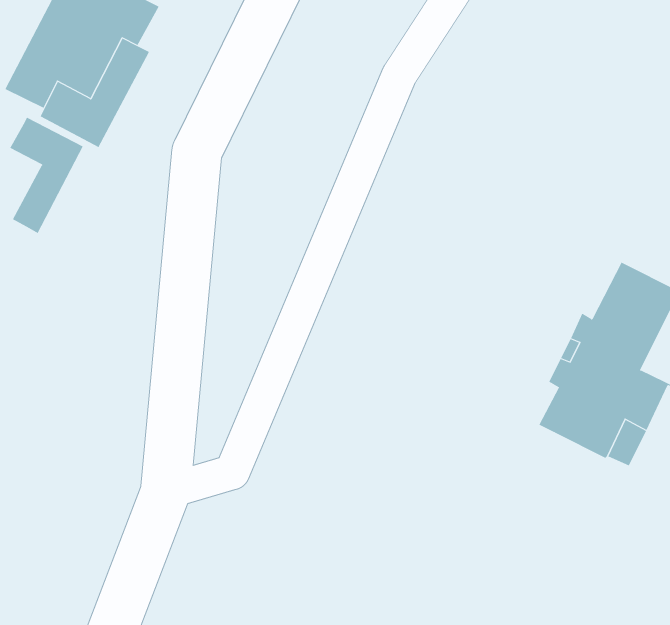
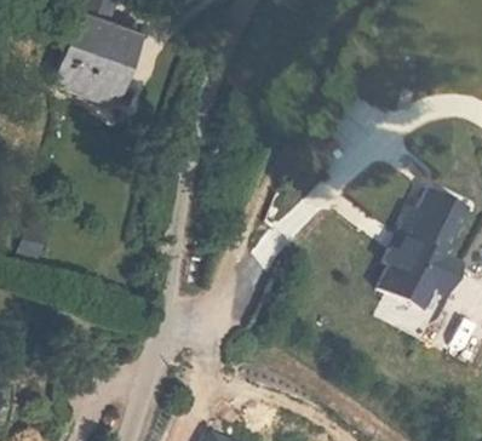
building: [10,117,84,234] -> none

